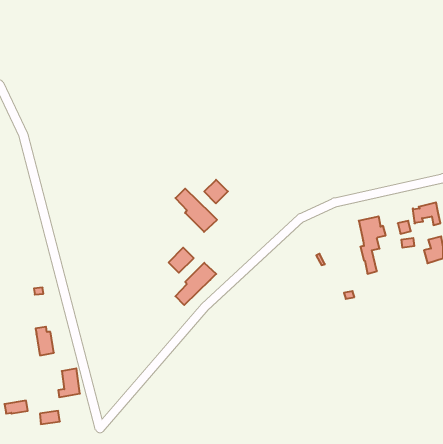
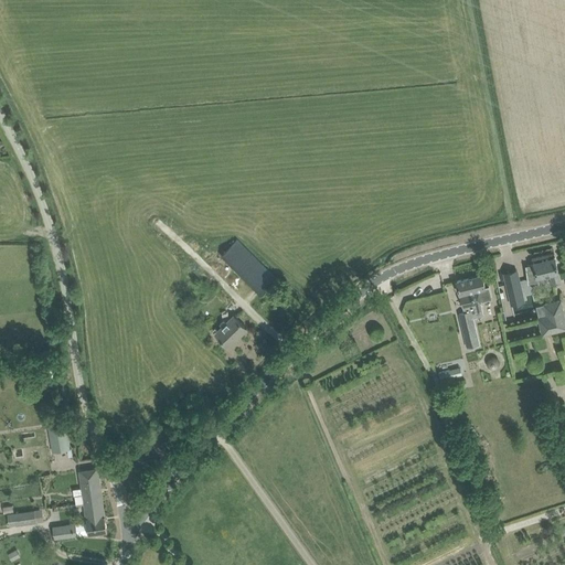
building: [204,180,228,203] -> none
building: [175,263,216,305] -> none
building: none -> [83,500,106,534]

